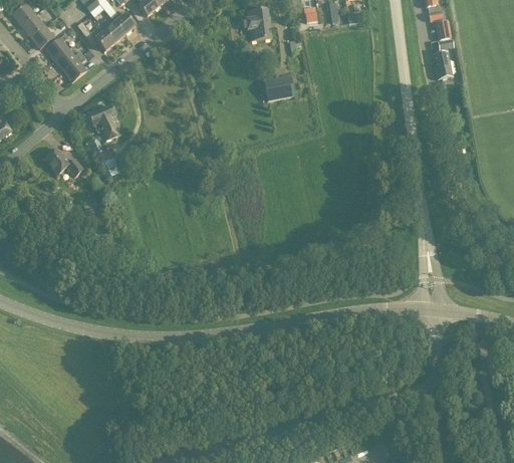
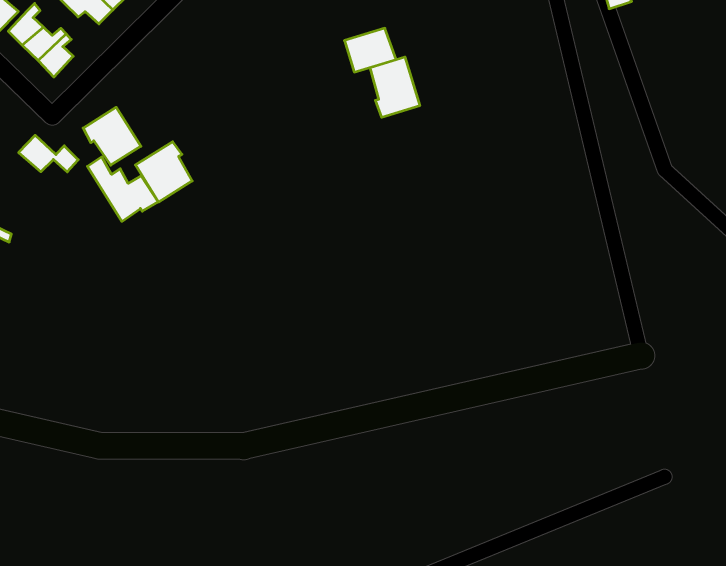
building: none -> [370,57,420,117]
building: none -> [135,142,192,202]
building: [43,149,81,175] -> [19,135,78,172]

